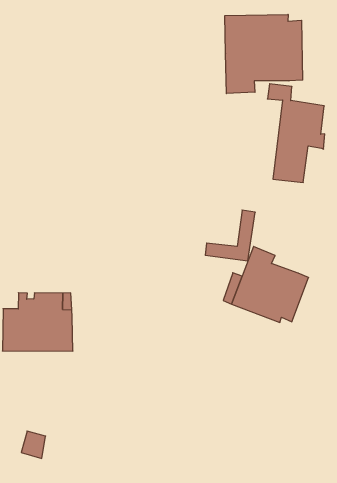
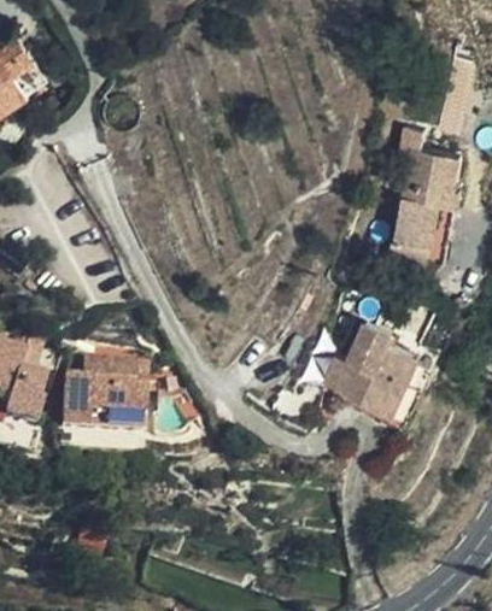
building: [225,14,303,94] -> none
building: [205,210,255,261] -> [391,201,453,263]

